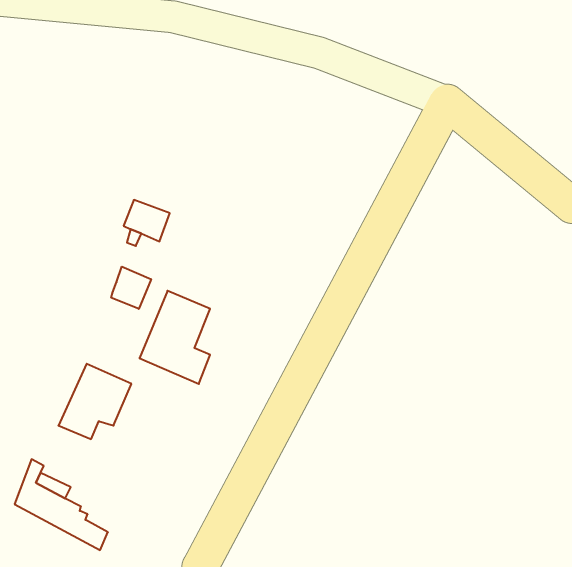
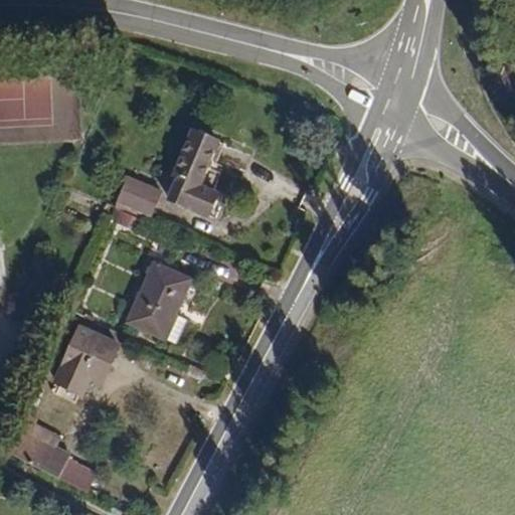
building: none -> [174,127,225,212]
building: [111,267,151,309] -> none

